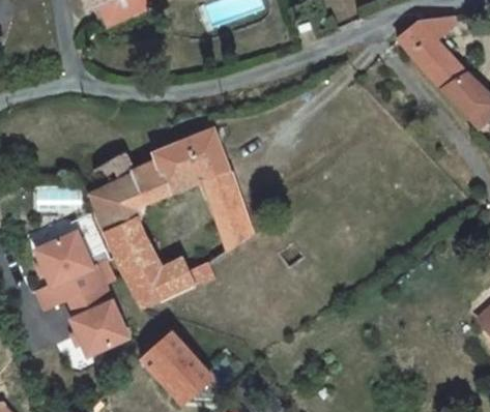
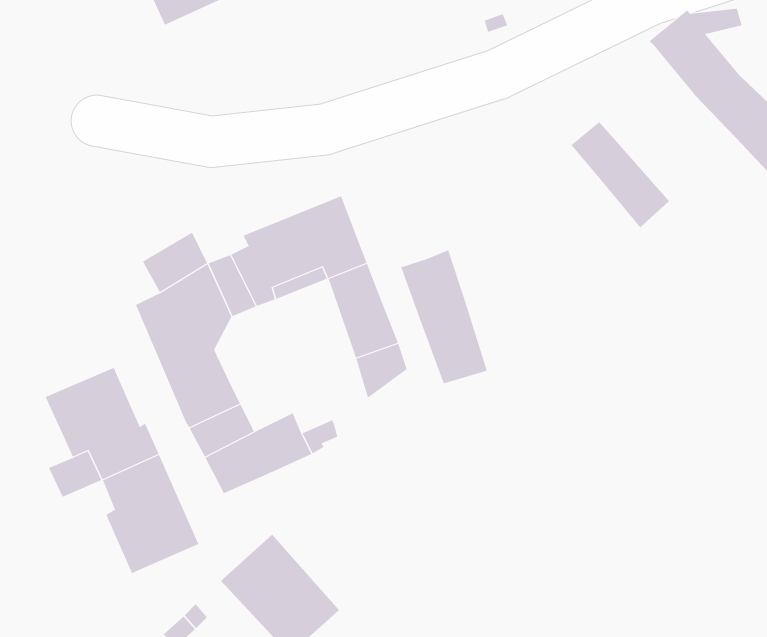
building: none -> [570,121,670,228]
building: none -> [401,250,488,384]

